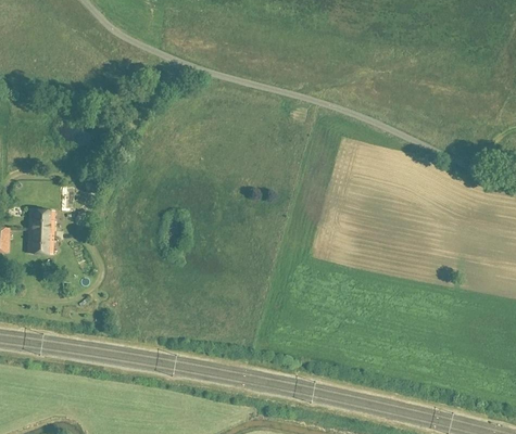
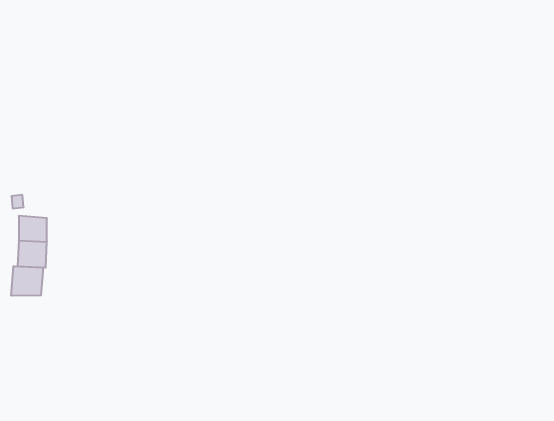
building: none -> [11,266,43,296]

